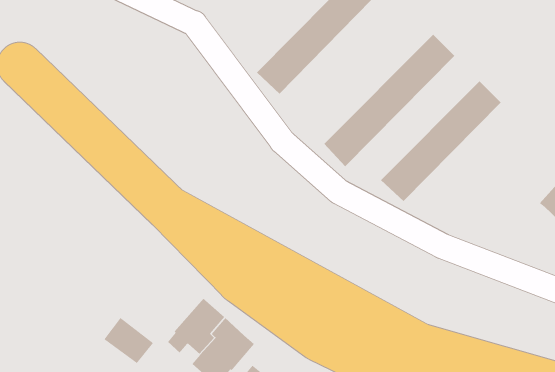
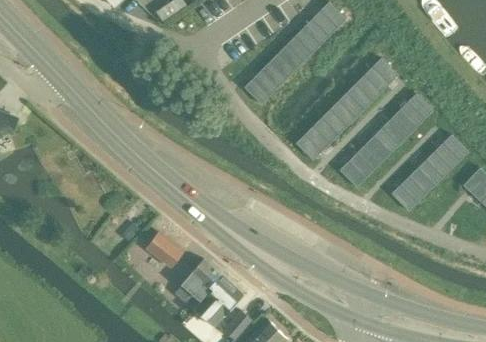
building: none -> [391,135,468,212]
building: [104,317,154,364] -> [145,233,184,269]

